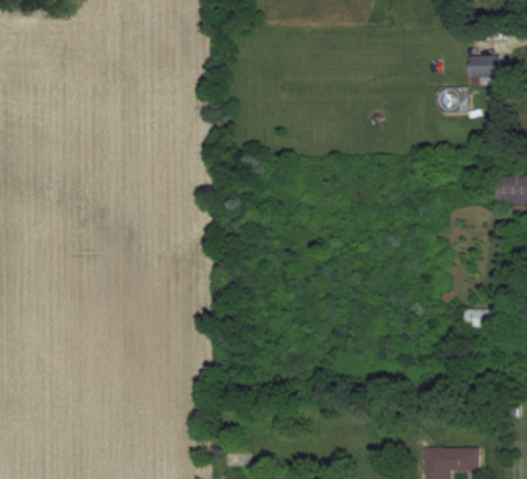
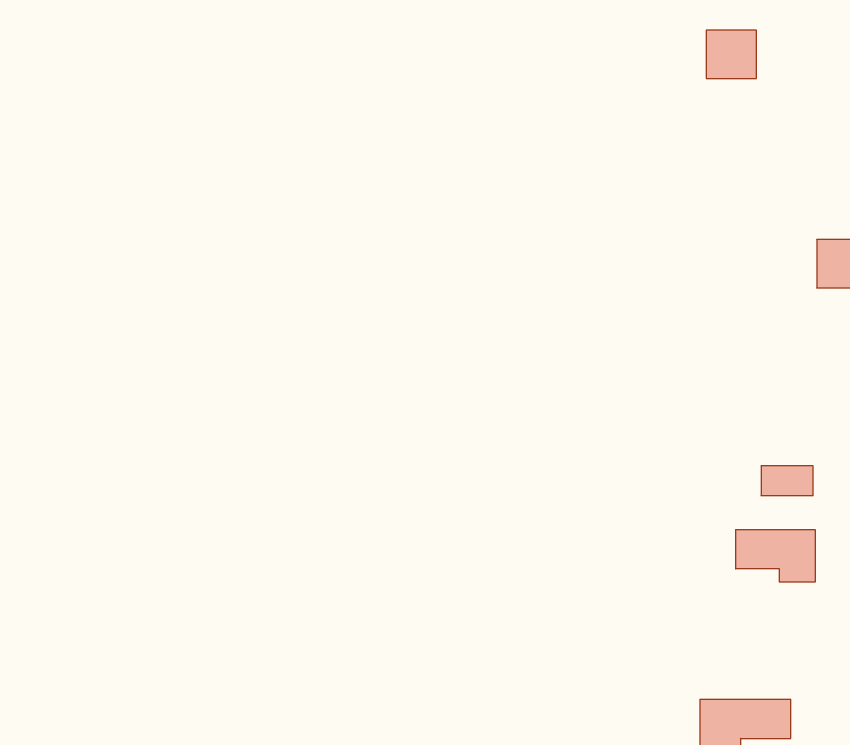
building: [469,56,498,85] -> [706,30,756,78]
building: none -> [736,530,815,582]

